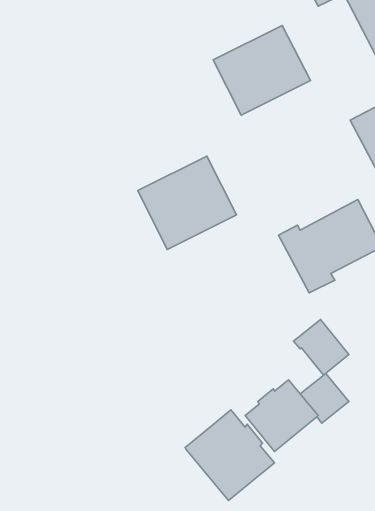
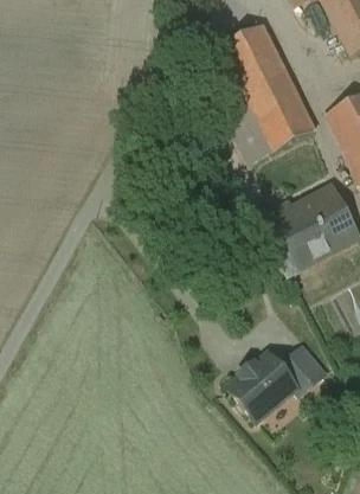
building: [138,156,236,249] -> [225,76,316,162]
building: [294,319,349,375] -> none
building: [185,410,274,501] -> none

